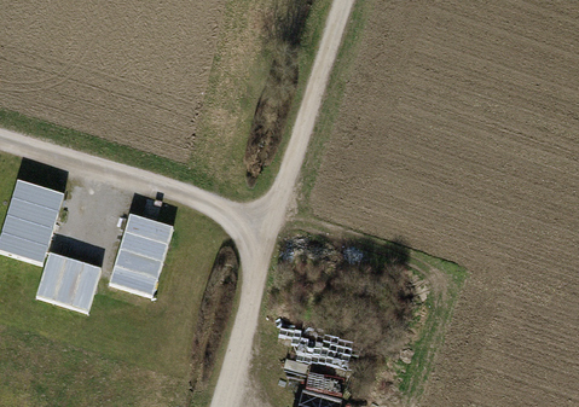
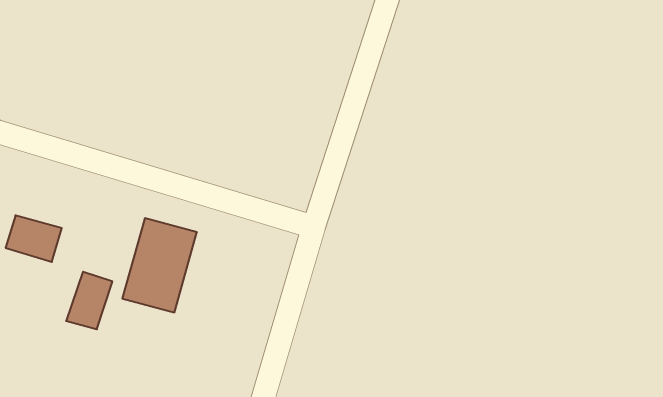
building: [16,184,63,222] -> none
building: [34,251,74,302] -> none

